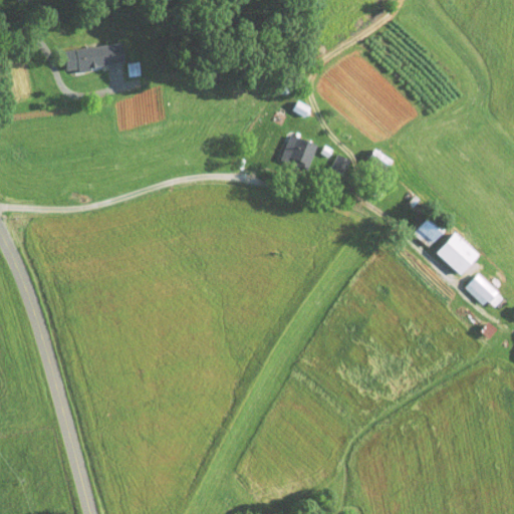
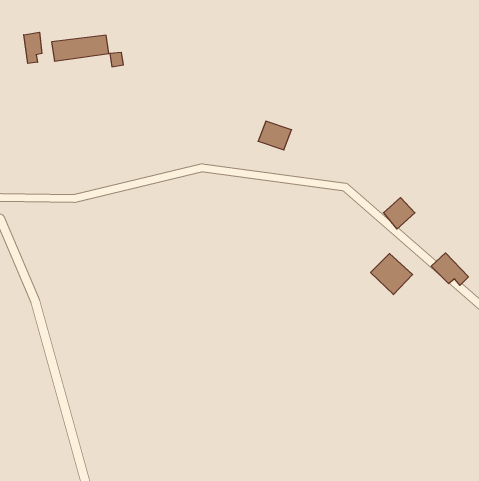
building: none -> [24,32,42,63]
building: [436,232,480,275] -> [371,254,413,295]

